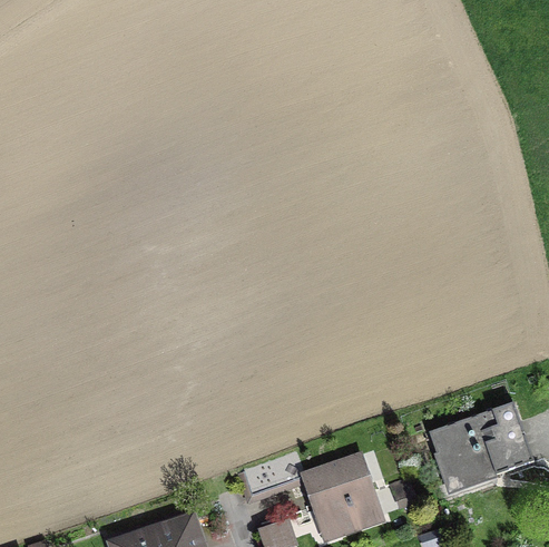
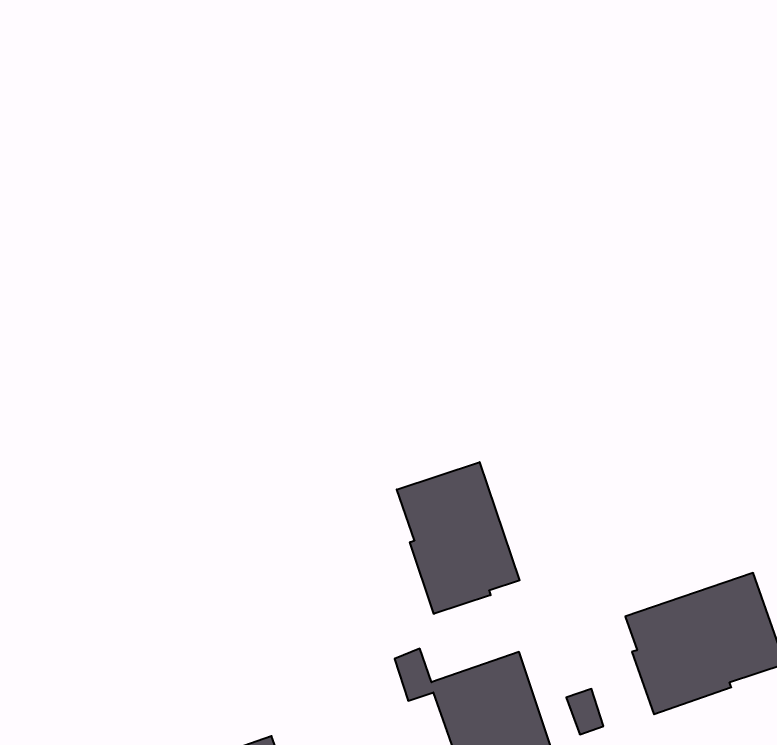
building: none -> [397,462,520,614]

